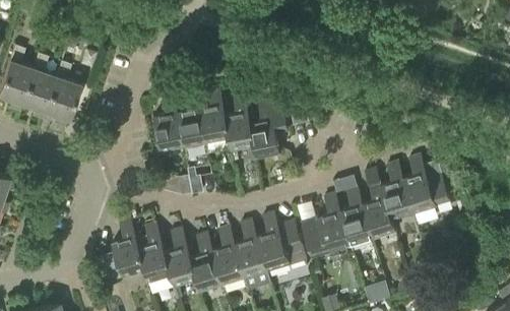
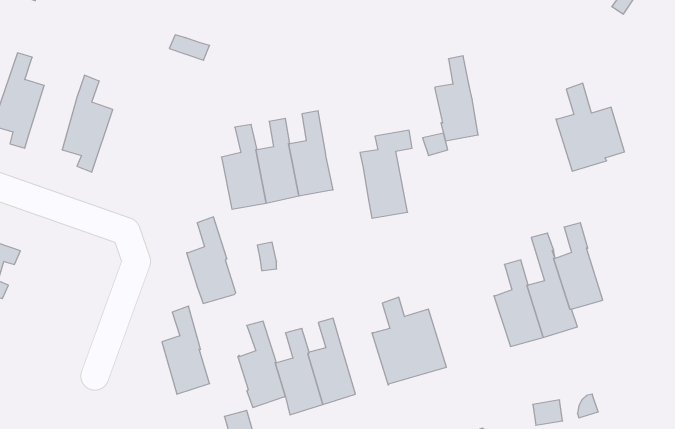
building: [21,53,55,118] -> none
building: [225,92,254,150] -> [435,56,478,141]
building: [402,153,449,213] -> [556,83,624,171]
building: [302,193,350,257] -> none
building: [235,219,271,290] -> none
building: [138,223,172,282] -> [187,217,236,303]

